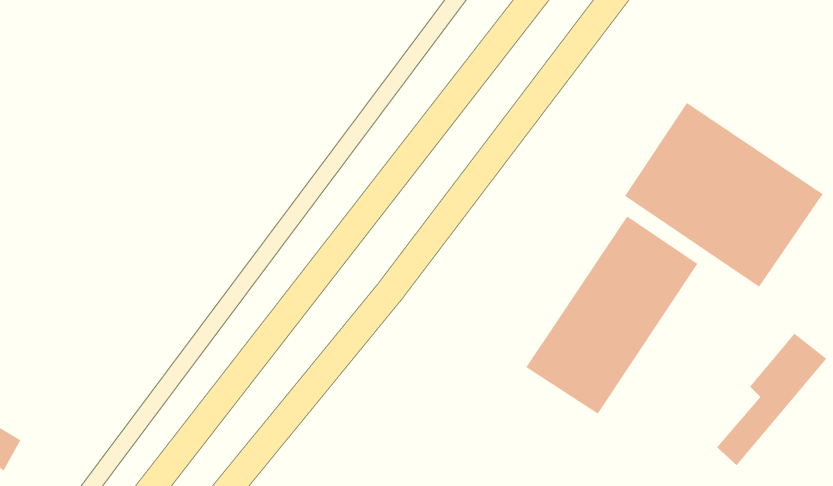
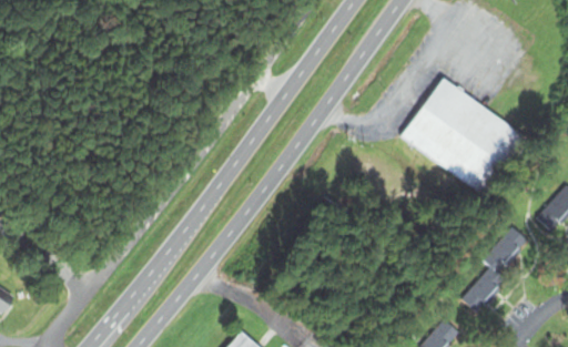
building: [525,215,698,415] -> none

